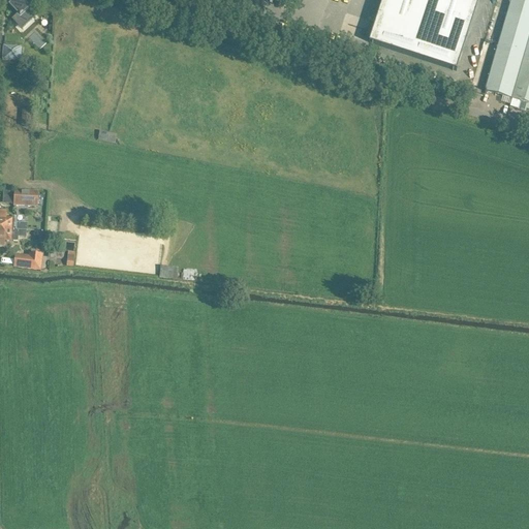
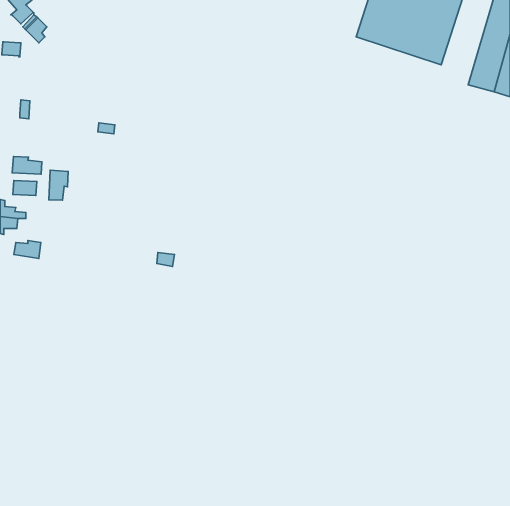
building: none -> [12,157,42,174]
building: none -> [49,170,68,200]

